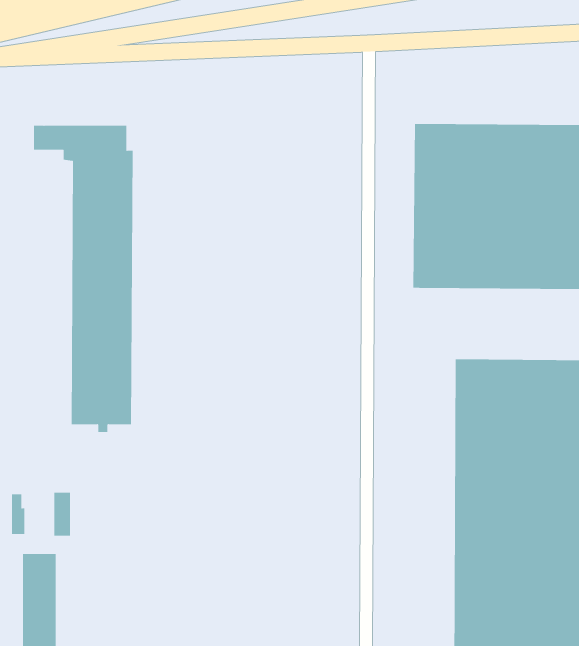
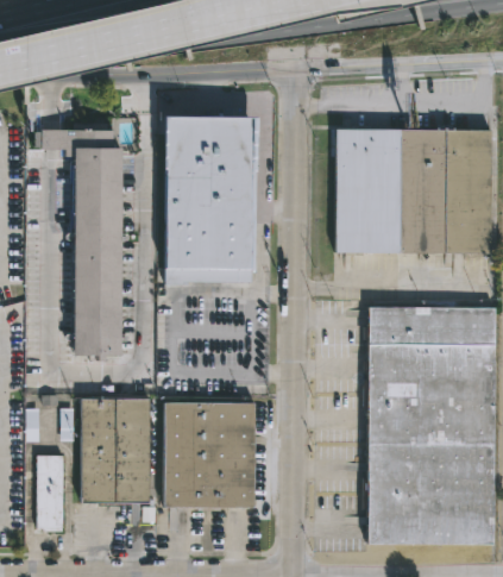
building: none -> [164,114,258,283]
building: none -> [82,399,151,504]
building: none -> [162,403,254,510]

